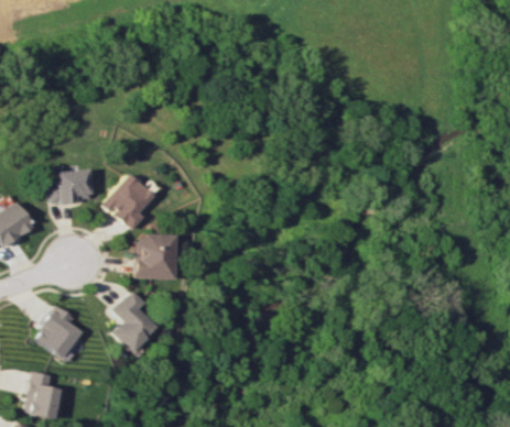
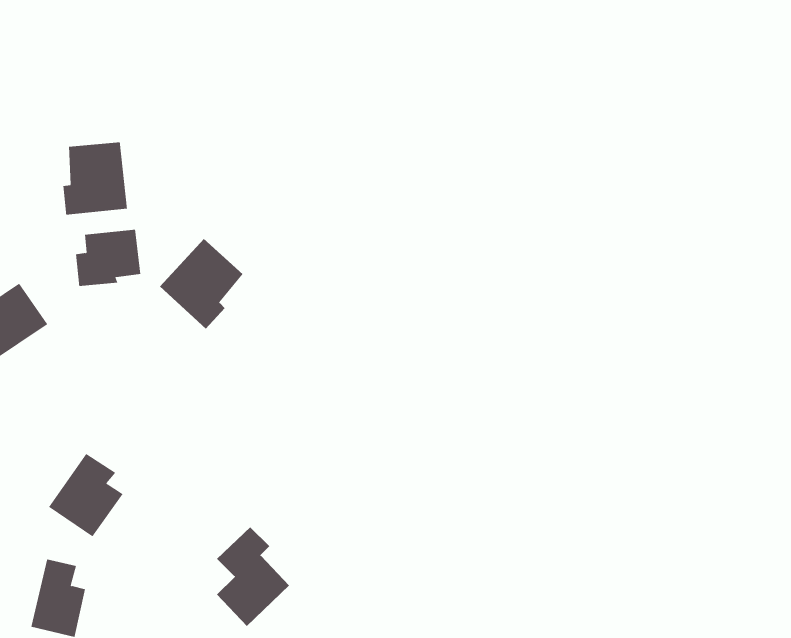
building: none -> [63,141,127,216]
building: [138,233,178,280] -> none
building: [112,291,158,352] -> [216,527,290,627]

